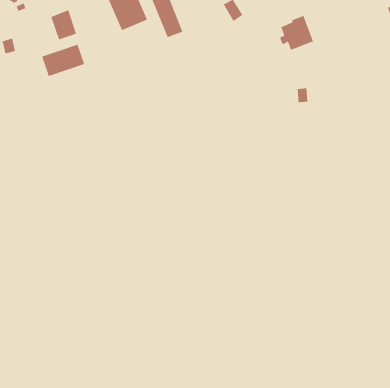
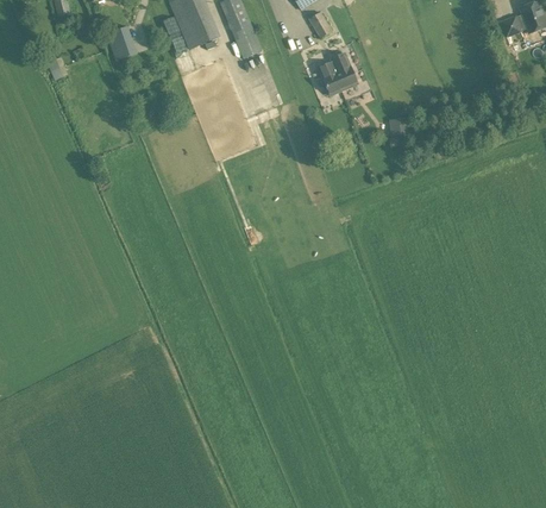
building: [279,15,314,51] -> [316,52,357,94]
building: [41,44,85,77] -> none

